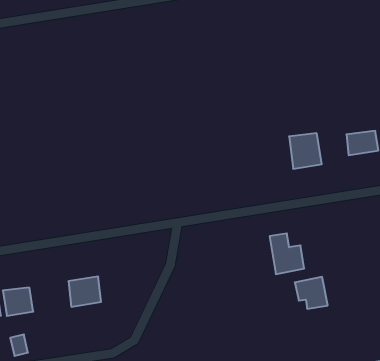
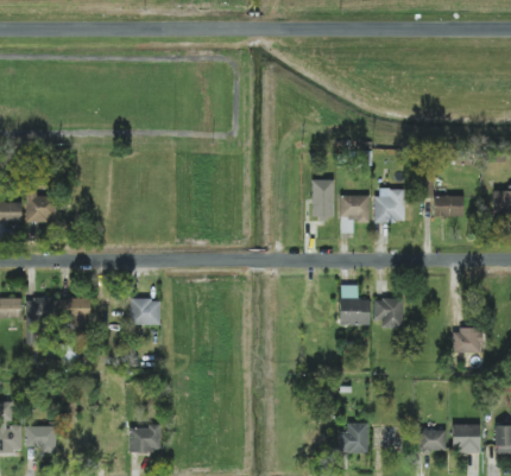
building: none -> [310,178,333,217]
building: none -> [339,195,368,223]
building: [295,277,328,309] -> [373,297,403,326]

